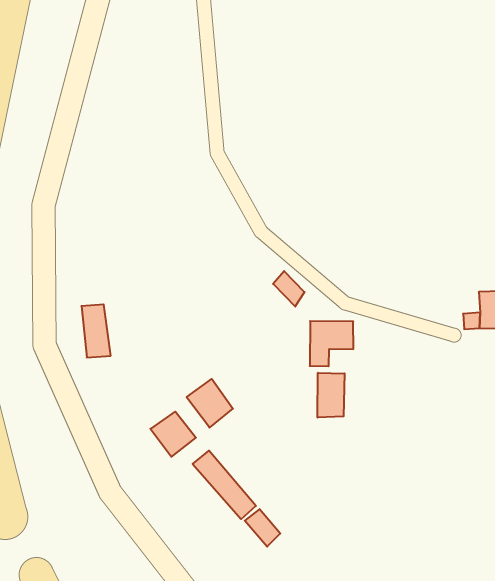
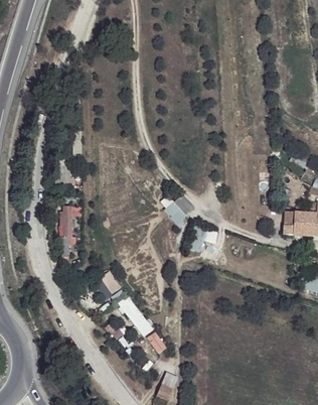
building: [318,373,345,418] -> none
building: [187,379,233,428] -> none

